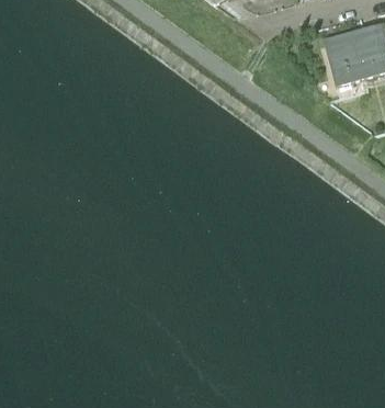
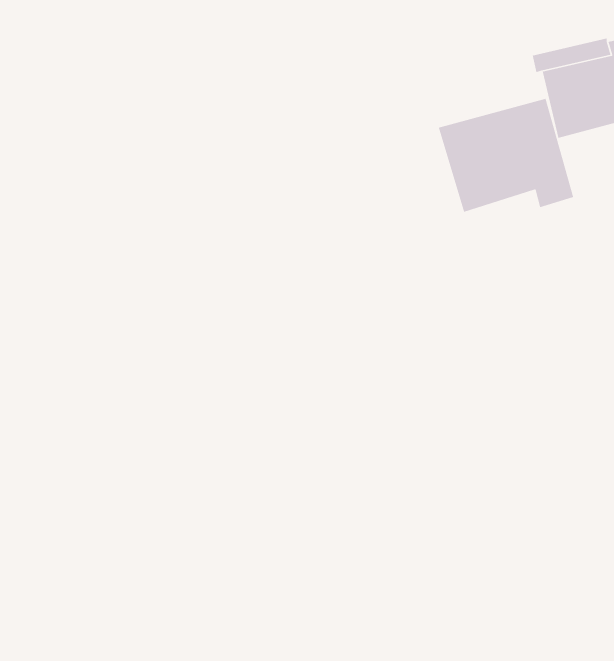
building: none -> [438,98,574,213]

